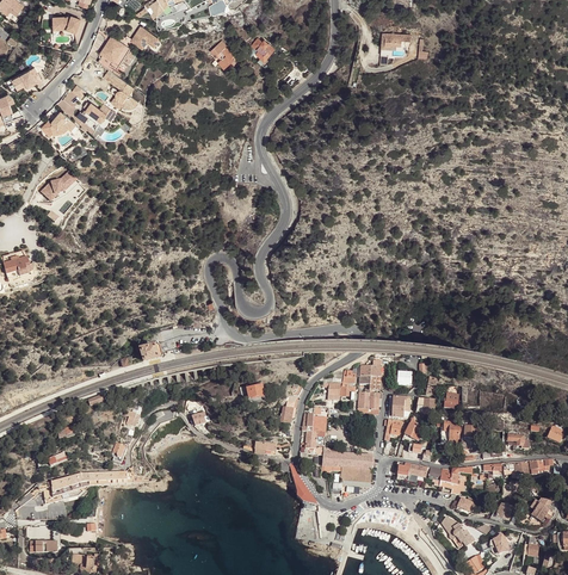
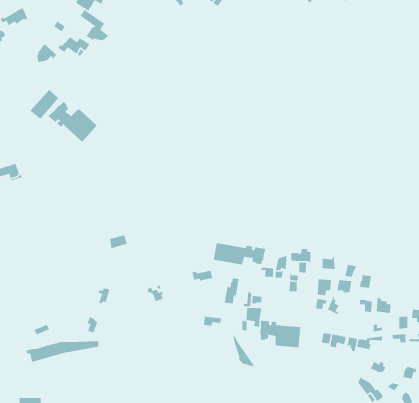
building: none -> [48,101,98,143]
building: none -> [213,242,267,266]

